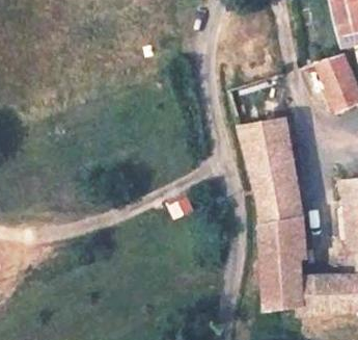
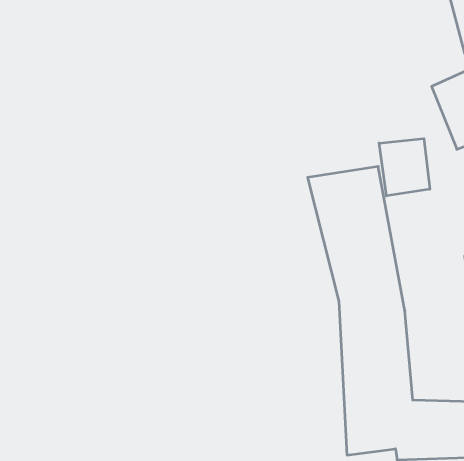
building: none -> [379,139,430,196]

